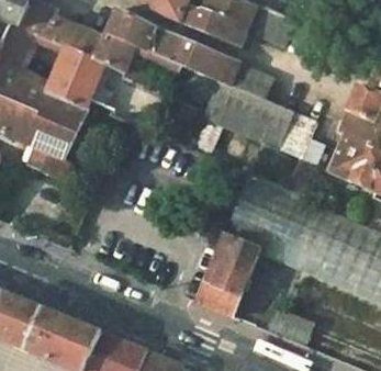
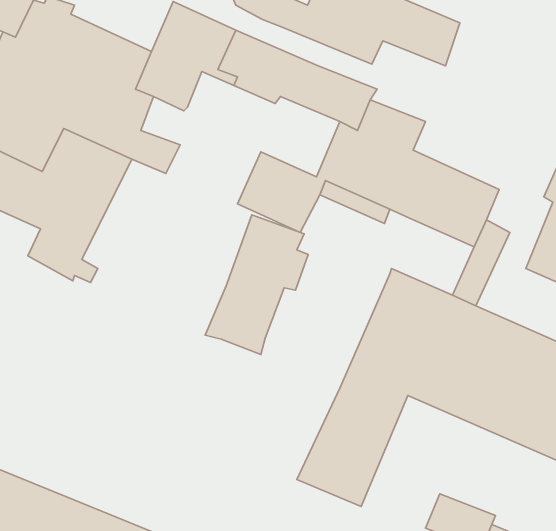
building: none -> [205,215,308,355]

